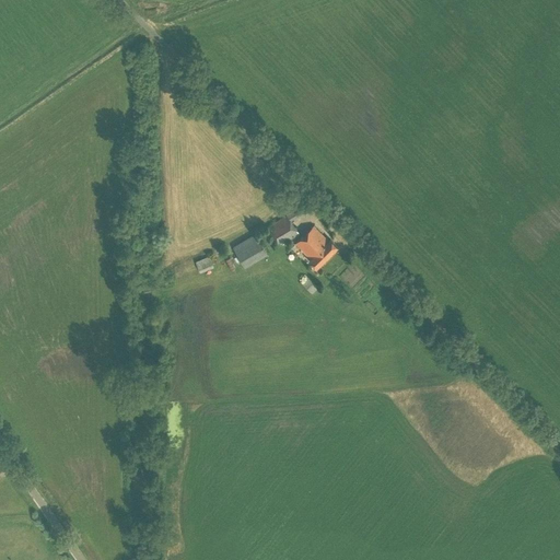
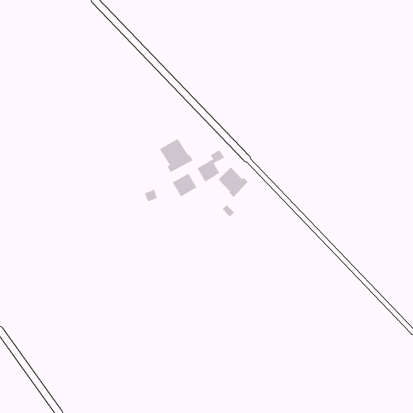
building: none -> [159,138,194,173]

